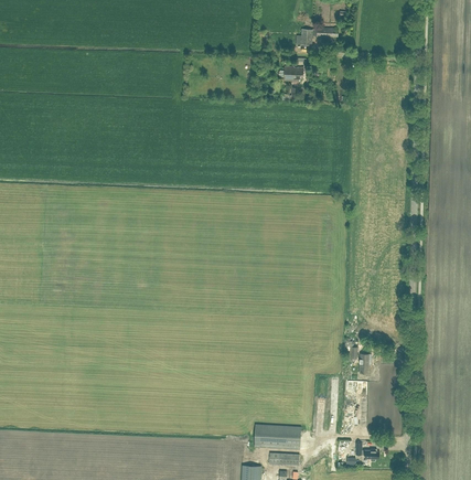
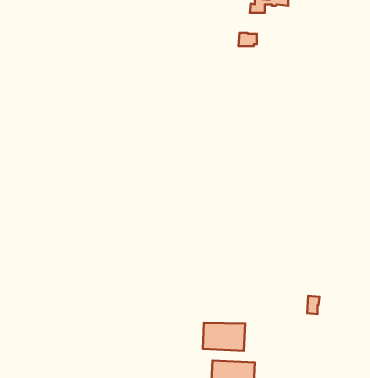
building: none -> [203,323,245,351]

